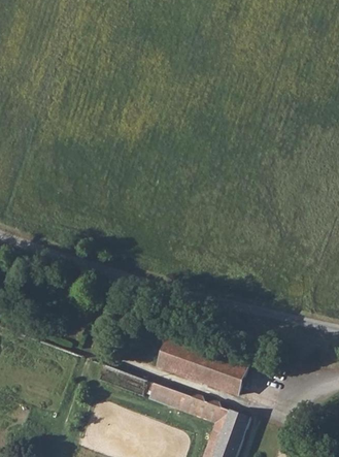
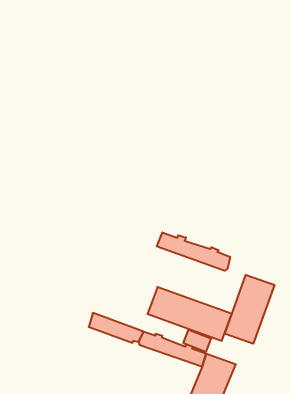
building: none -> [157,232,230,271]
building: none -> [225,275,274,344]

